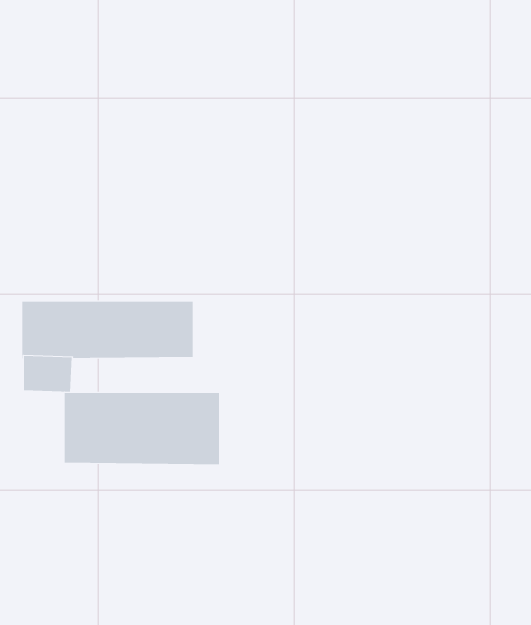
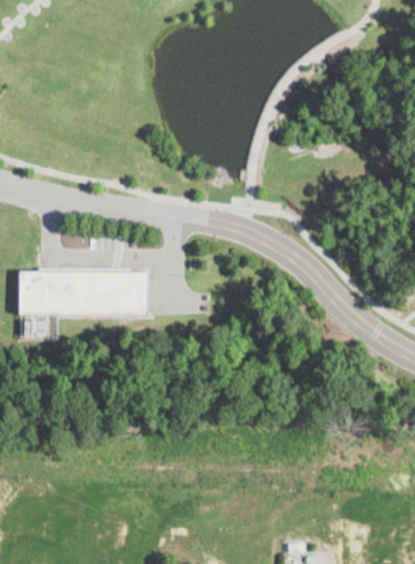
building: [64,392,220,465] -> none

